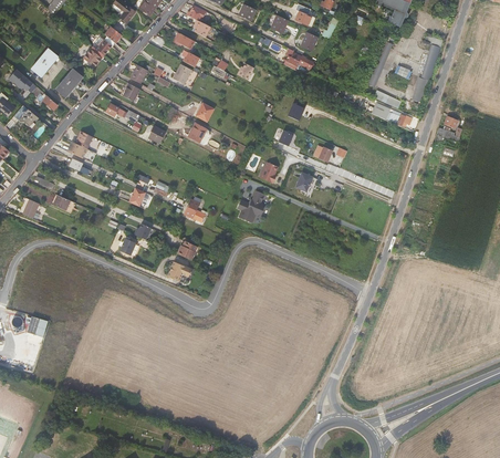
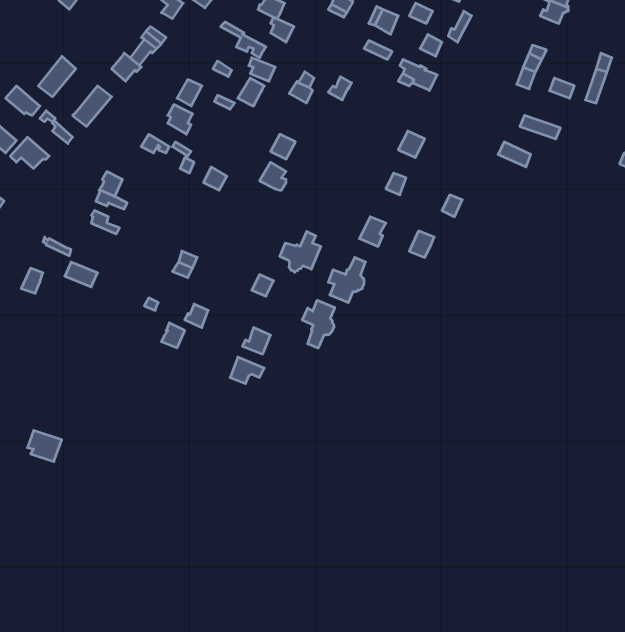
building: none -> [280,231,321,272]
building: none -> [302,300,335,348]

